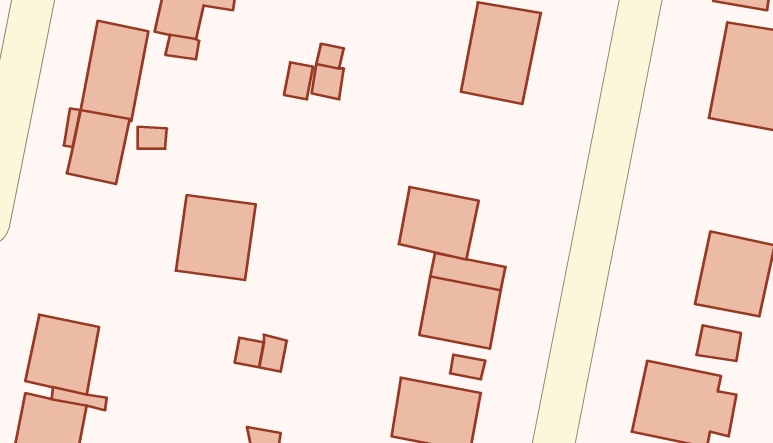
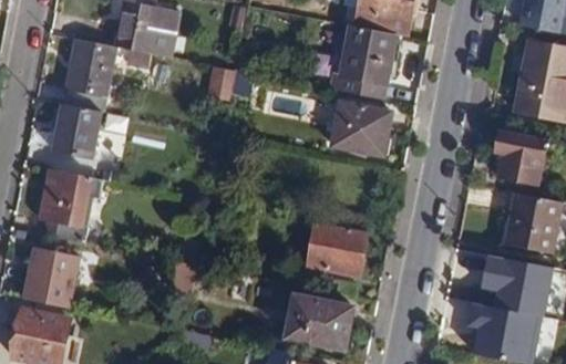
building: none -> [493,128,544,183]
building: [399,187,479,259] -> [333,103,391,155]
building: [176,195,256,280] -> [37,170,94,231]

